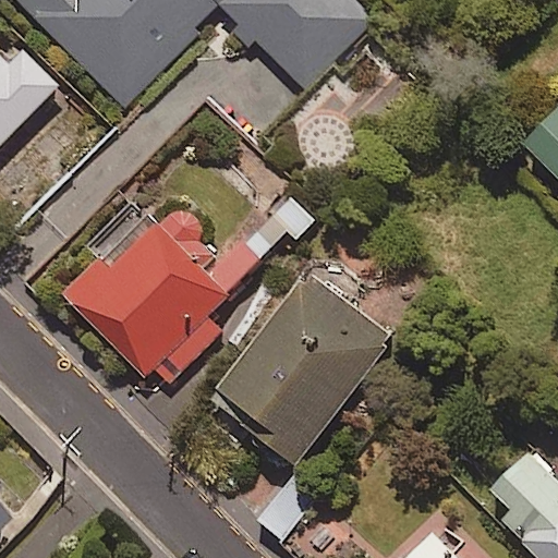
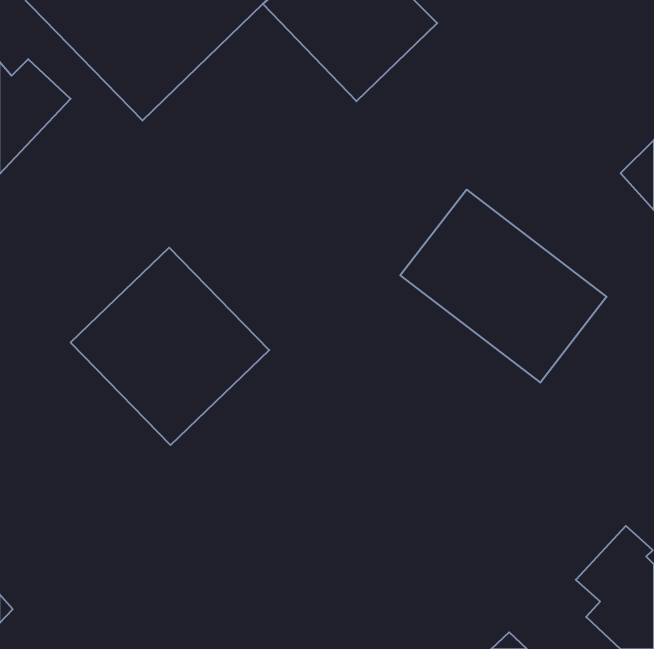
building: none -> [400,190,607,383]
building: [216,278,391,463] -> none

